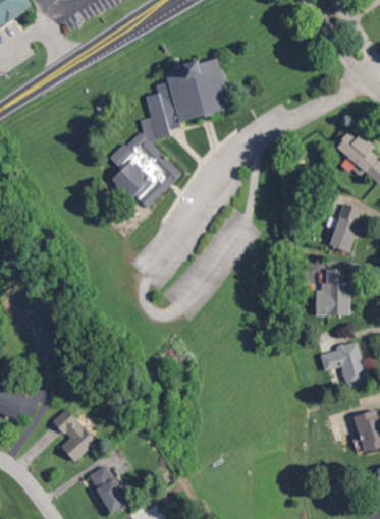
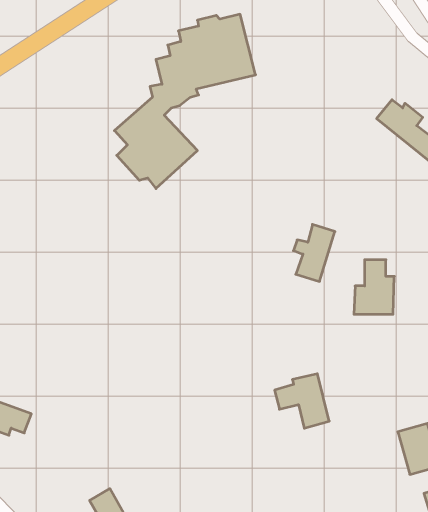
building: [326,203,362,251] -> [293,224,335,281]
building: [320,340,367,387] -> [275,374,329,428]
building: [51,407,96,461] -> none

